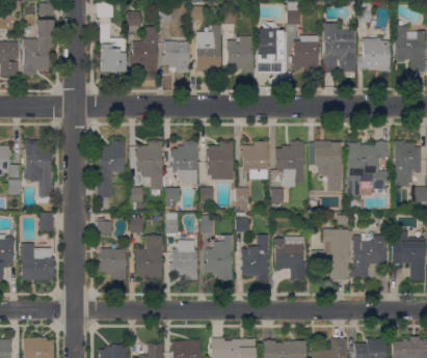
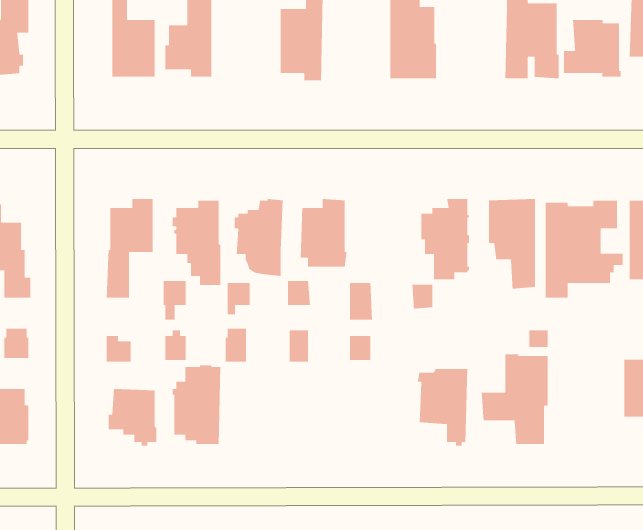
building: [289,35,320,73] -> none
building: [228,36,255,73] -> none
building: [163,40,190,73] -> none
building: [241,141,268,180] -> none
building: [205,235,233,281] -> none
building: [242,235,270,281] -> none
building: [353,236,388,280] -> none
building: [170,240,197,280] -> none

